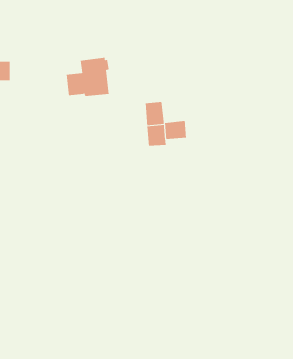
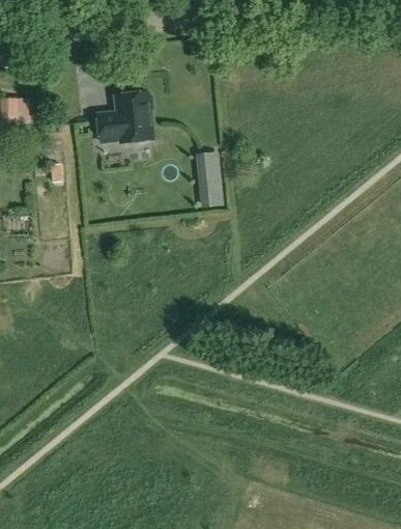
building: [165,120,187,140] -> none

